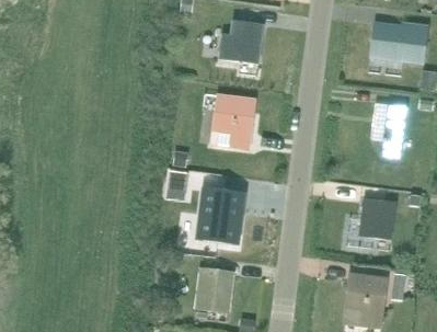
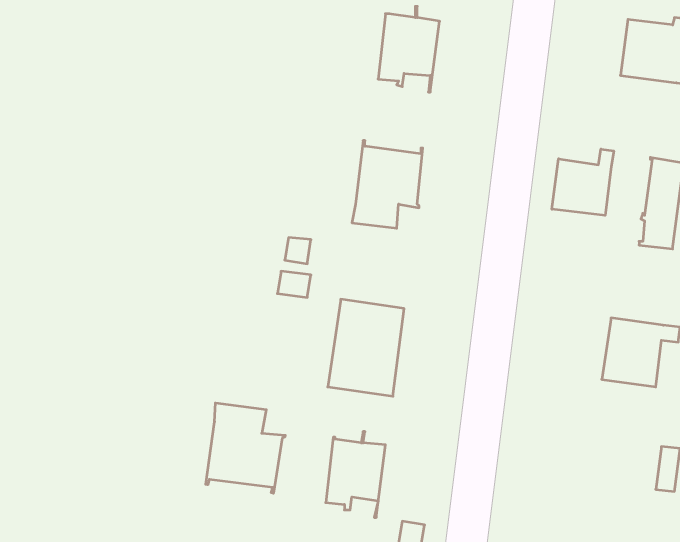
building: none -> [552,149,614,215]
building: none -> [206,403,285,493]
building: [346,273,396,325] -> none

